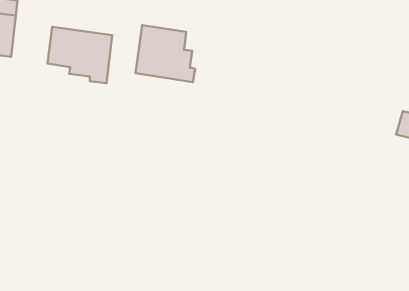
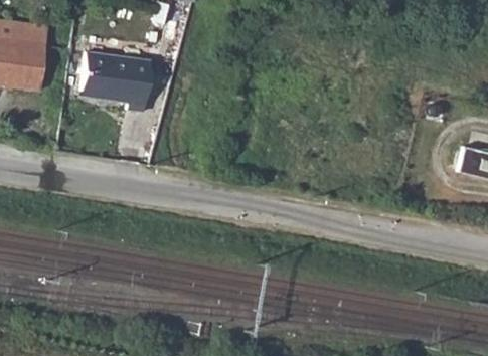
building: [135,25,195,82] -> none

